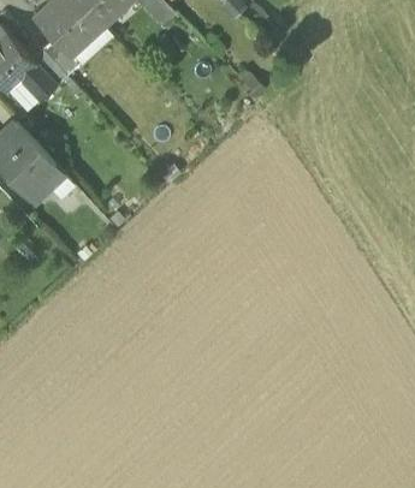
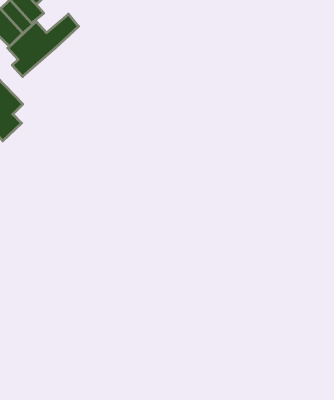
building: none -> [8,14,79,77]

